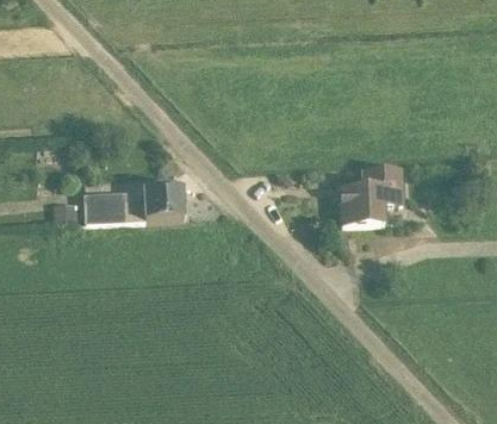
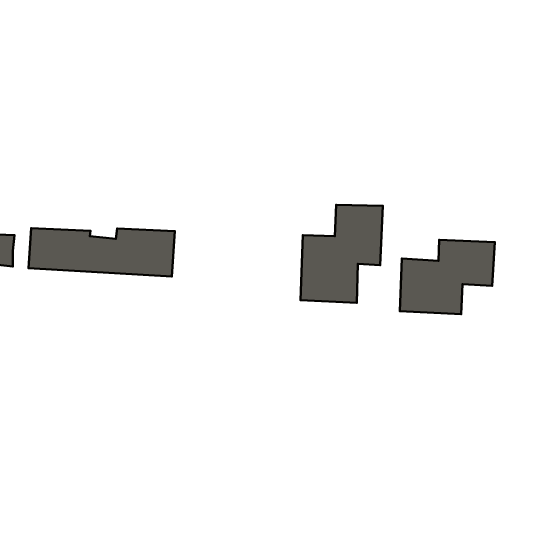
building: none -> [301,205,383,303]

